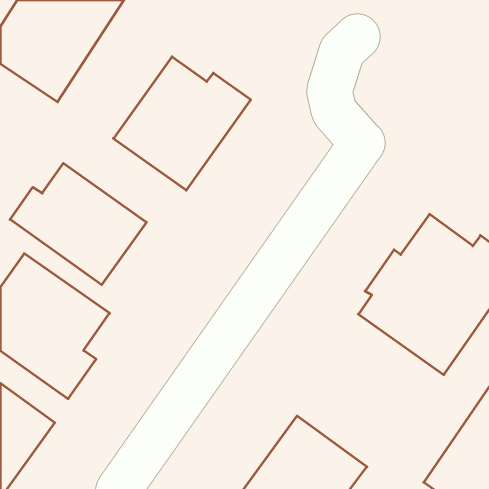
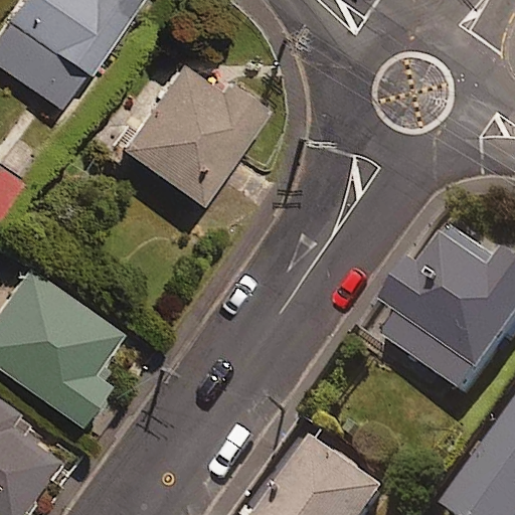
building: [10,163,146,285] -> none

